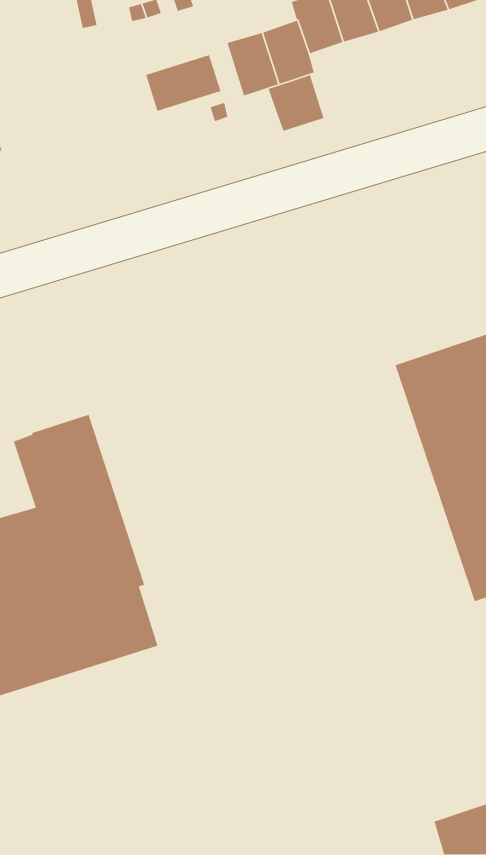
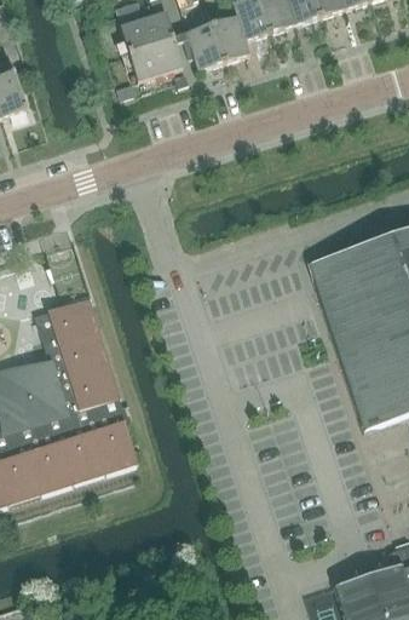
building: none -> [121,12,175,53]
building: [268,74,325,132] -> none

